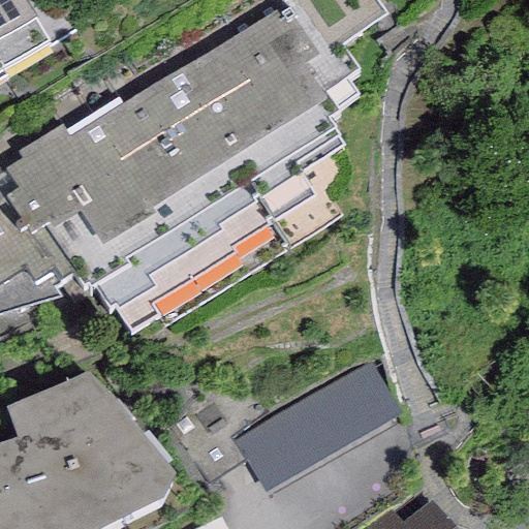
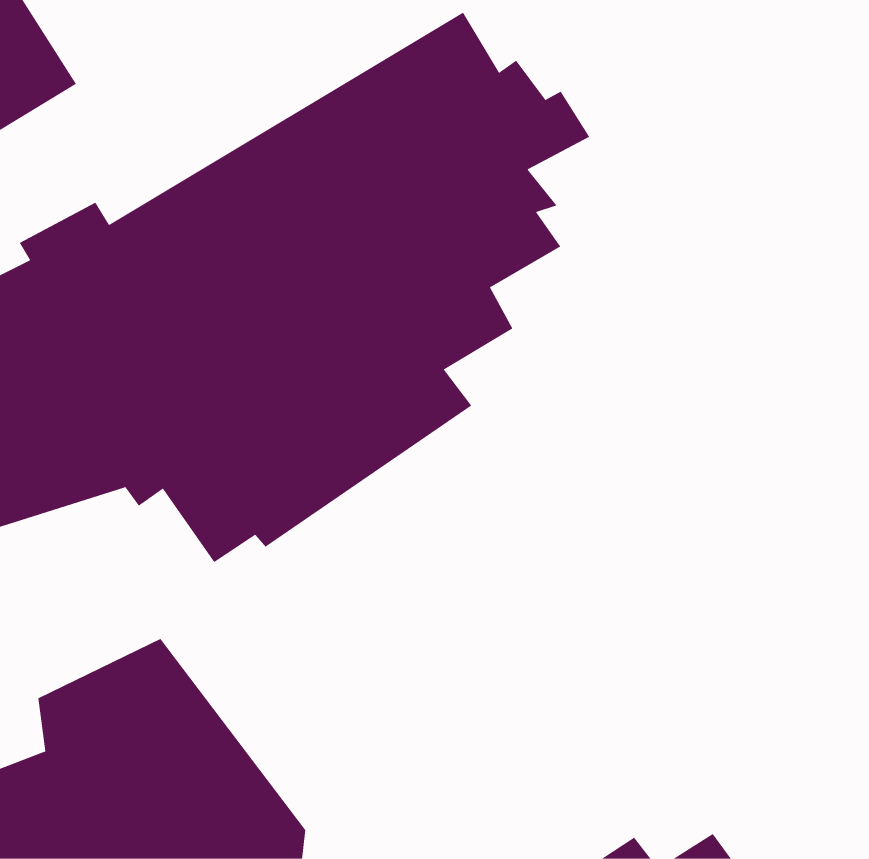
building: [232,357,398,485] -> none

